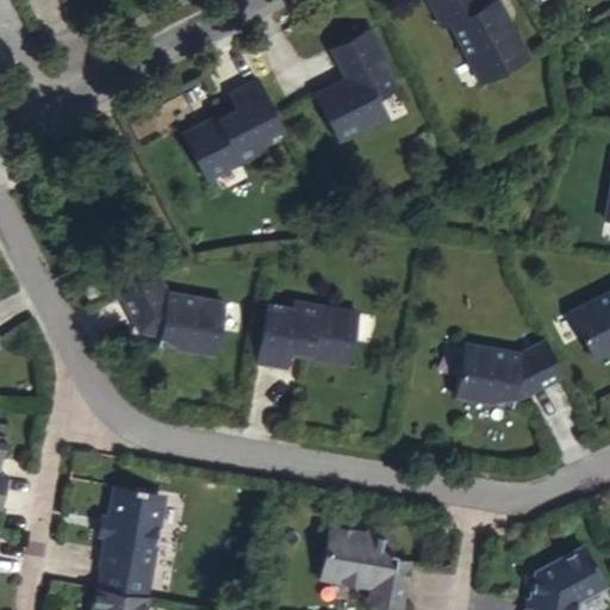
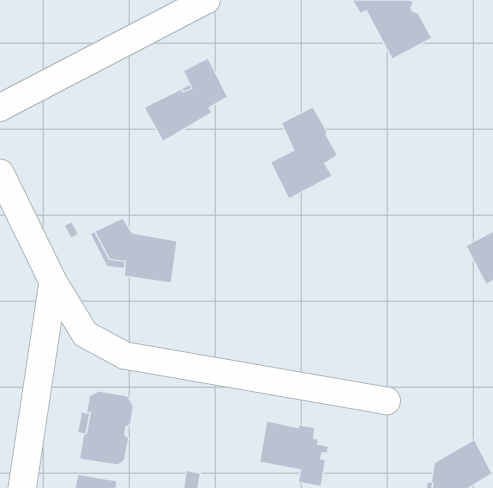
building: [317,25,399,138] -> [271,107,337,199]
building: [257,304,366,371] -> none
building: [458,338,568,402] -> none

